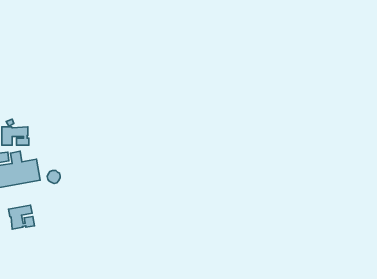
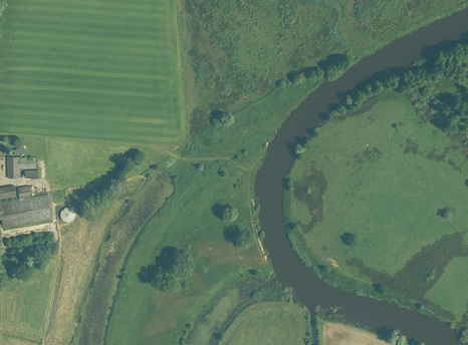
building: [9,205,34,229] -> none

